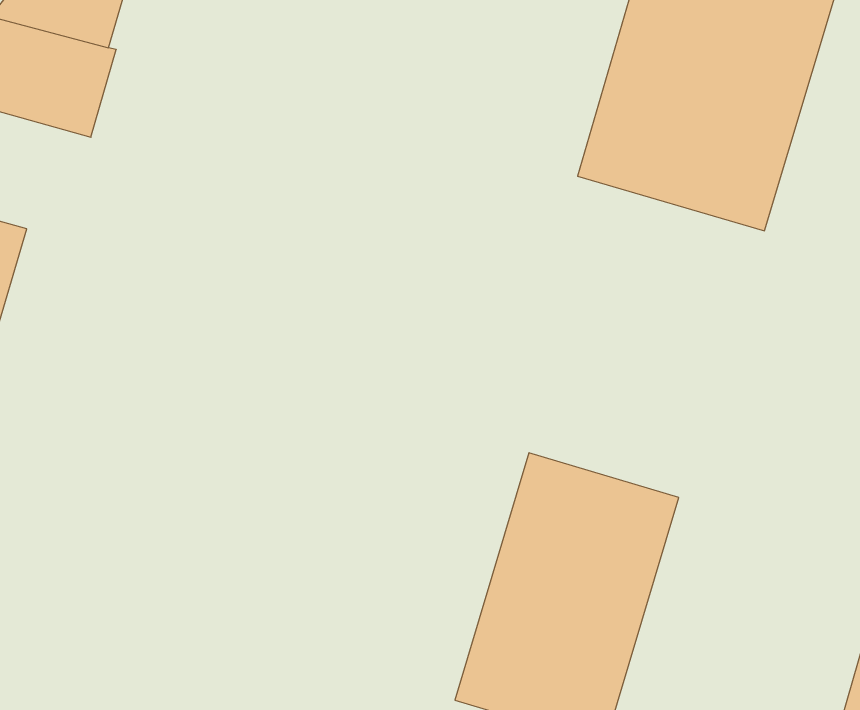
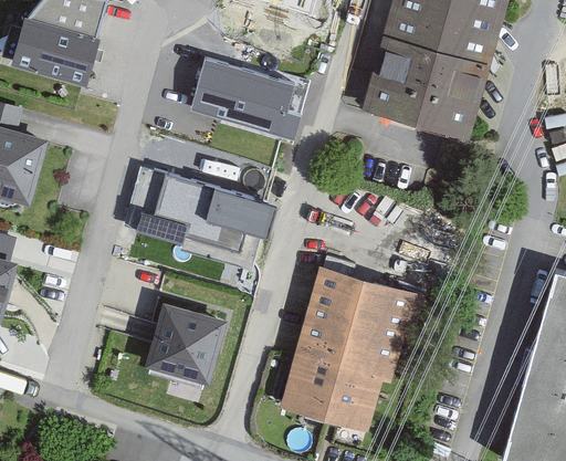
building: none -> [187,59,298,138]
building: none -> [130,168,276,269]
building: none -> [133,294,220,379]

